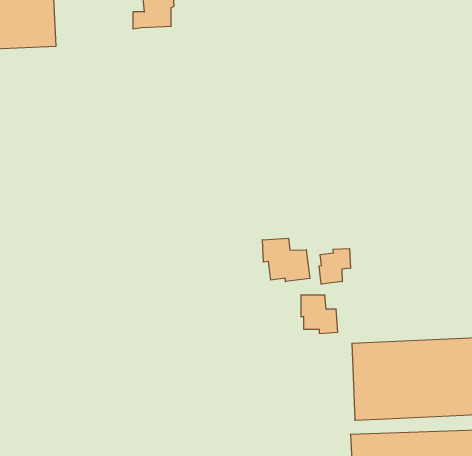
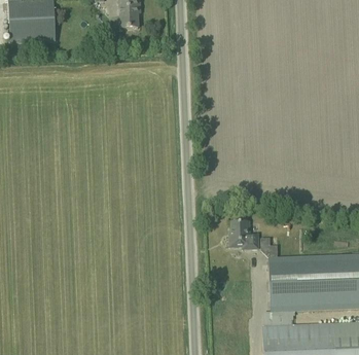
building: [262,238,310,282] -> none
building: [319,249,351,284] -> none

